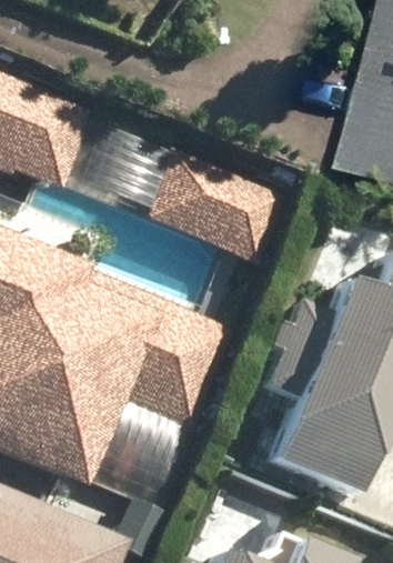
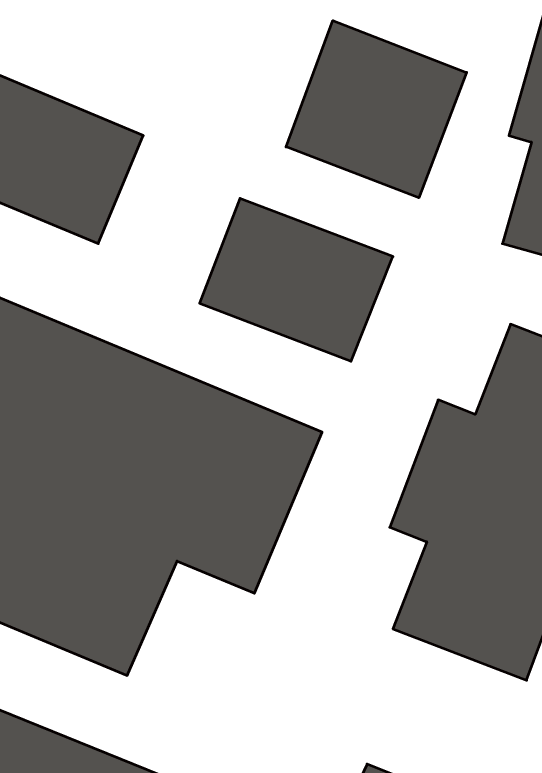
building: none -> [286,21,467,198]

